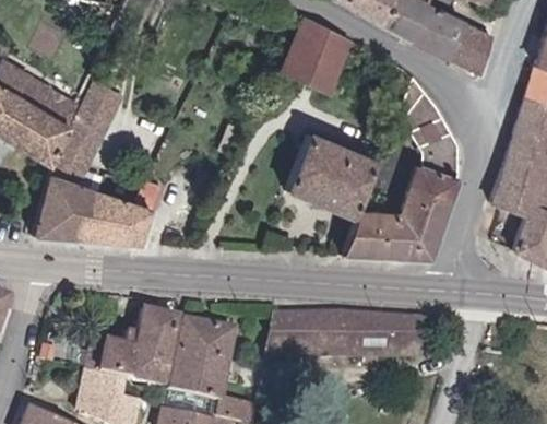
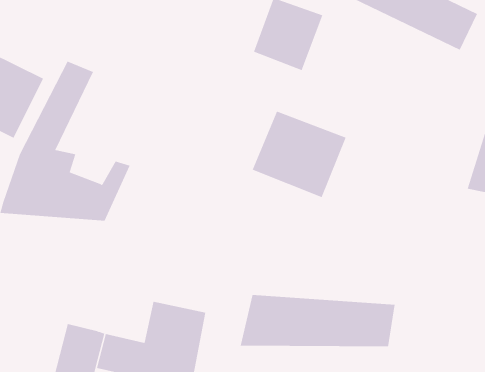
building: [341,75,459,260] -> none
building: [129,307,182,357] -> none

